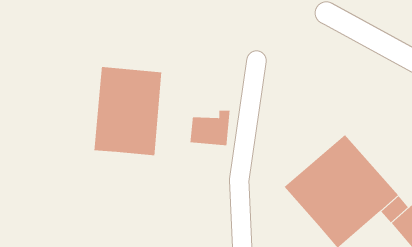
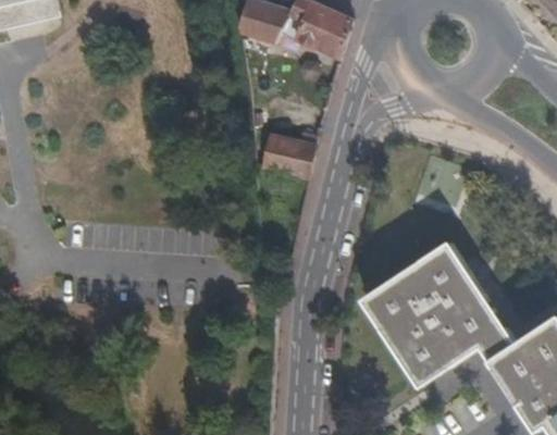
building: [94,66,162,156] -> none
building: [189,110,231,146] -> [259,134,315,181]

